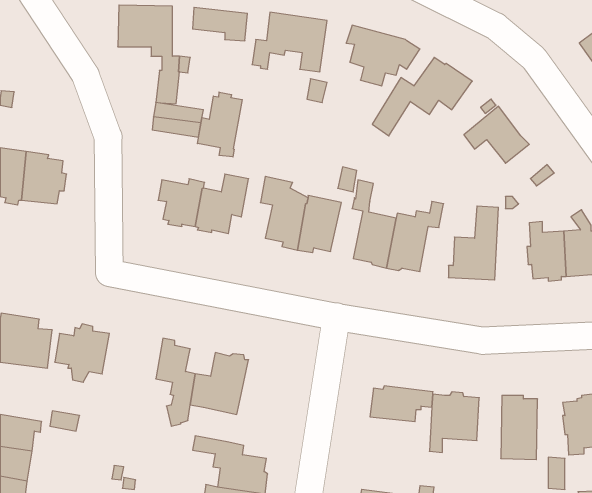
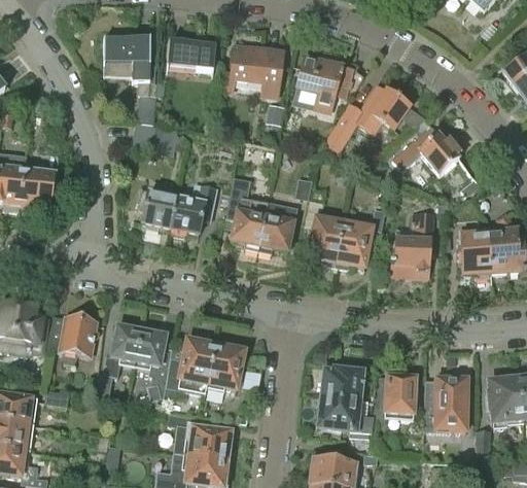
building: [197,92,242,157] -> none
building: none -> [103,324,143,376]
building: none -> [209,342,245,388]
building: none -> [318,393,364,431]

